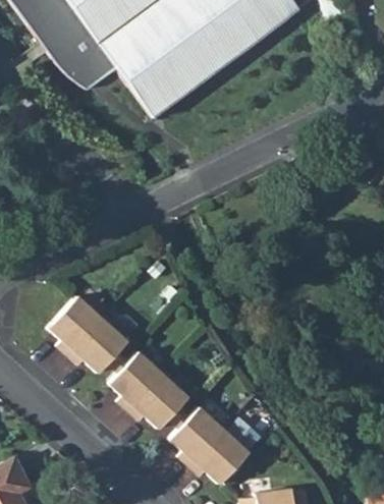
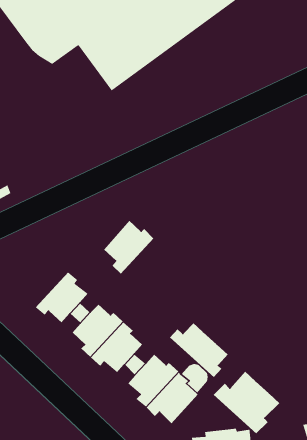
building: [49,295,105,355] -> [103,220,154,275]
building: none -> [169,323,228,378]
building: none -> [213,371,280,434]

